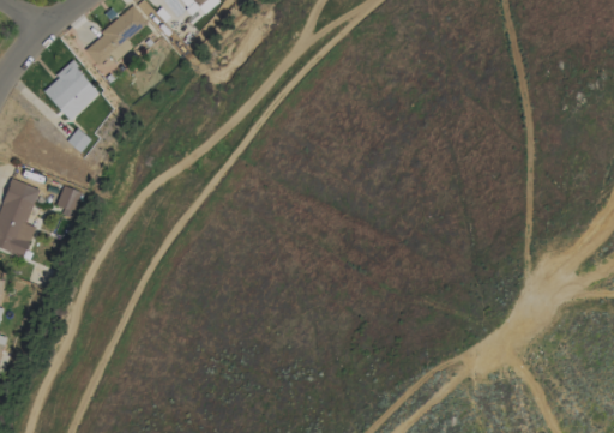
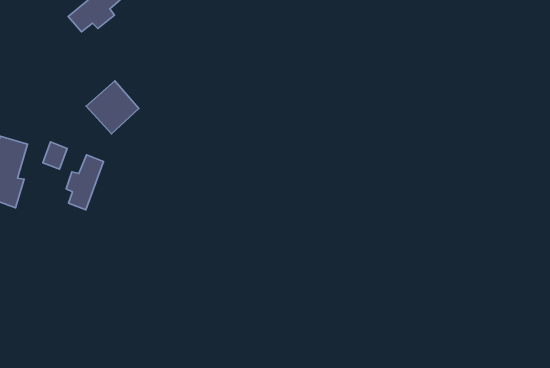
building: [42,64,100,121] -> [86,81,139,134]
building: none -> [66,155,104,210]

